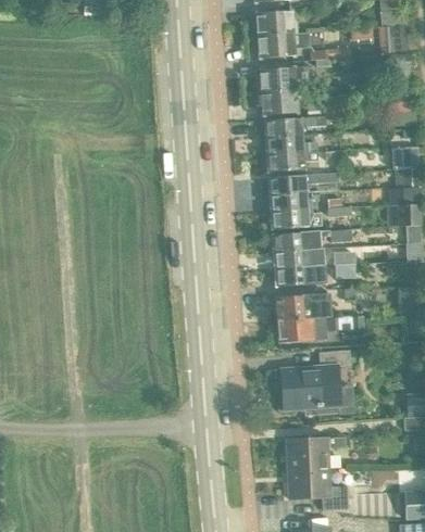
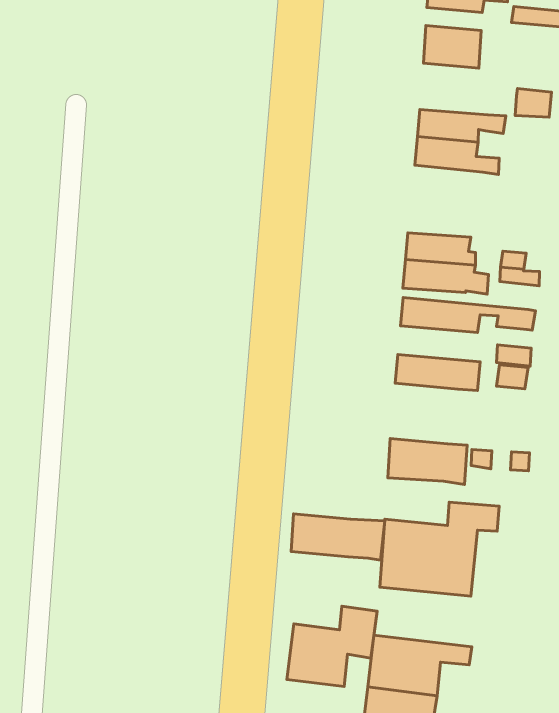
building: [261,89,296,114] -> none
building: [265,151,316,172] -> none
building: [266,172,338,194] -> none
building: [272,248,323,268] -> none
building: [274,292,330,319] -> [291,514,385,560]
building: none -> [287,606,377,686]

